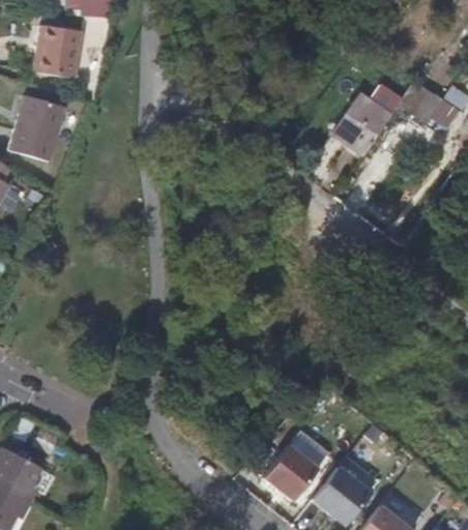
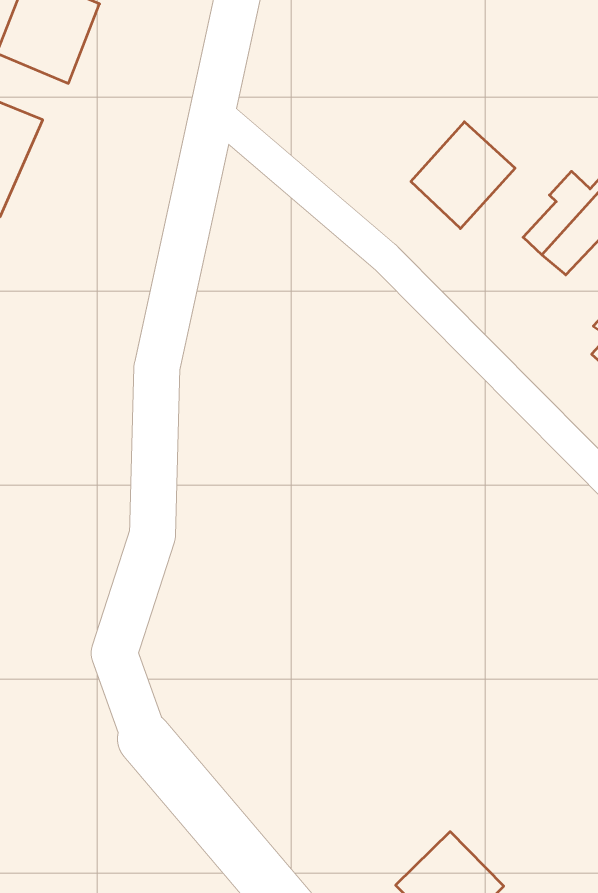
building: none -> [411,122,515,229]
building: [264,443,319,499] -> none

